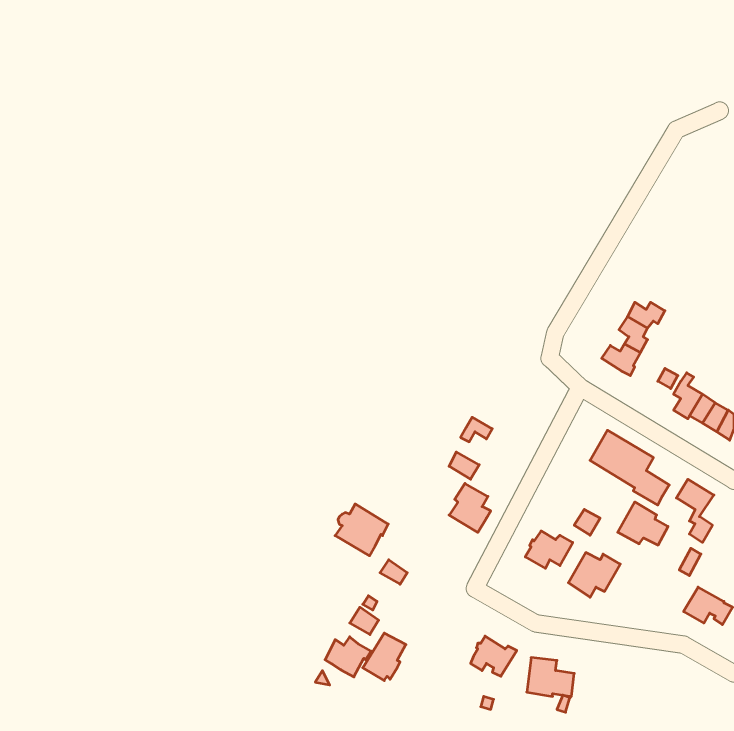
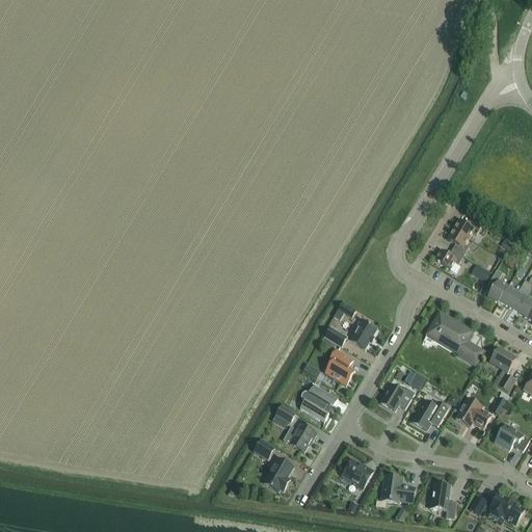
building: none -> [350,320,376,349]
building: [618,502,668,545] -> [454,397,490,428]
building: [335,504,388,556] -> [298,383,337,421]
building: [325,637,371,677] -> [283,423,316,452]
building: none -> [429,481,456,518]
building: none -> [470,495,524,524]

